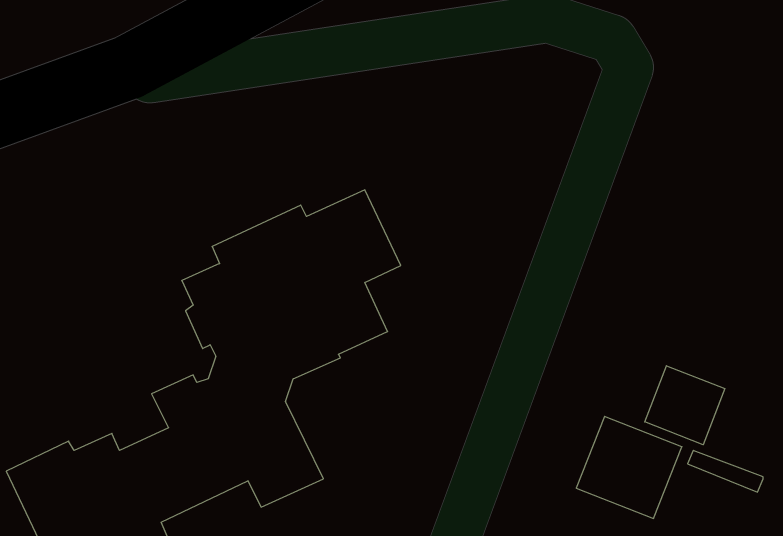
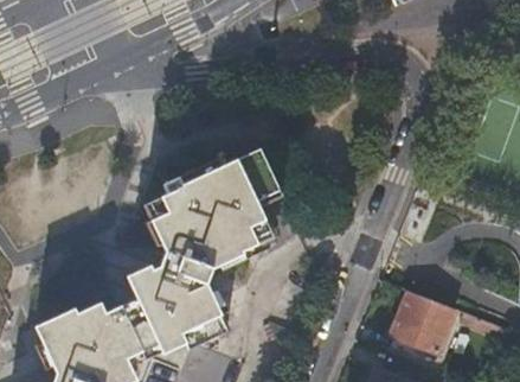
building: [645,366,725,445] -> none

